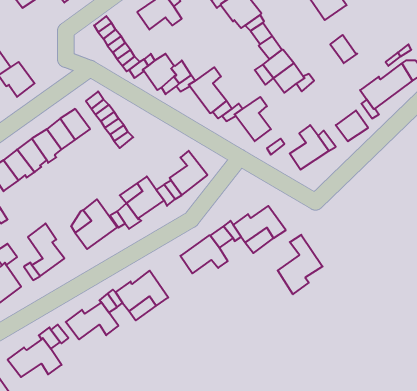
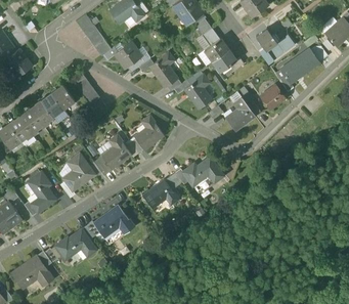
building: none -> [258,34,294,63]
building: [278,235,323,294] -> none

